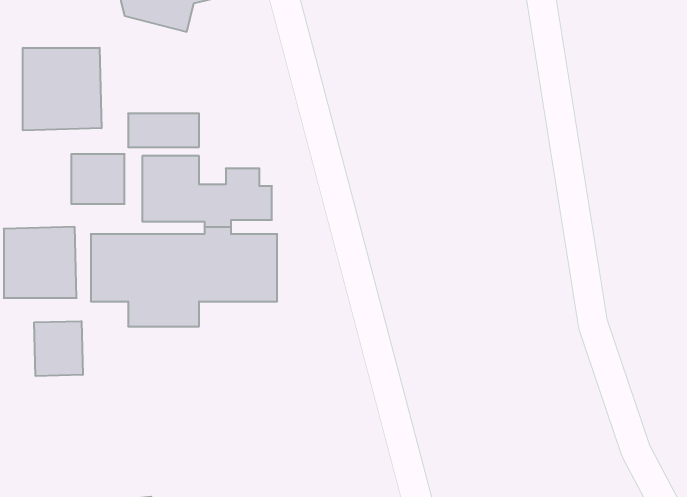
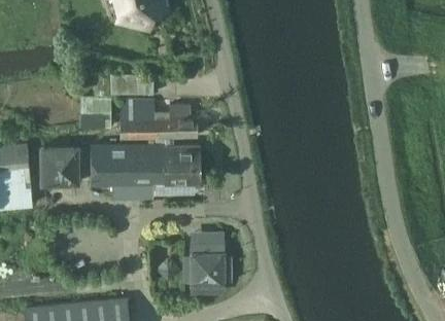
building: [23,48,101,130] -> none
building: [34,321,83,376] -> none
building: none -> [193,245,225,293]

